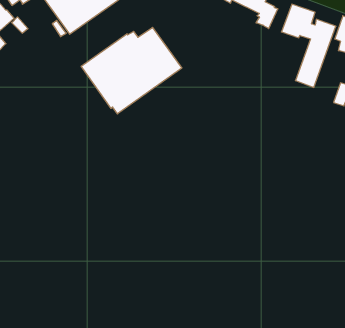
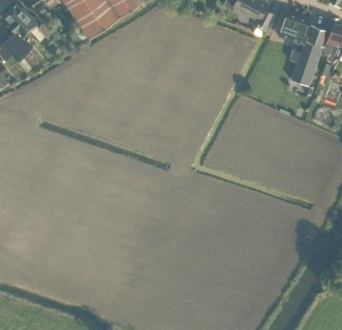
building: [81,27,182,114] -> none

